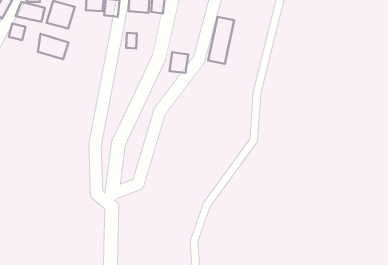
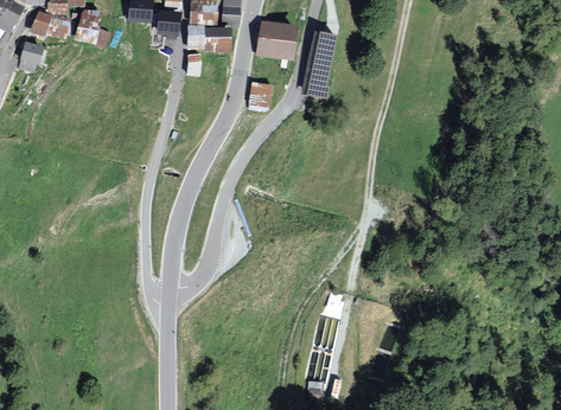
building: none -> [256,20,301,62]
building: none -> [186,25,232,53]
building: [38,34,68,59] -> none

